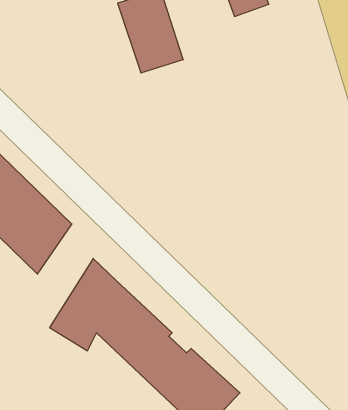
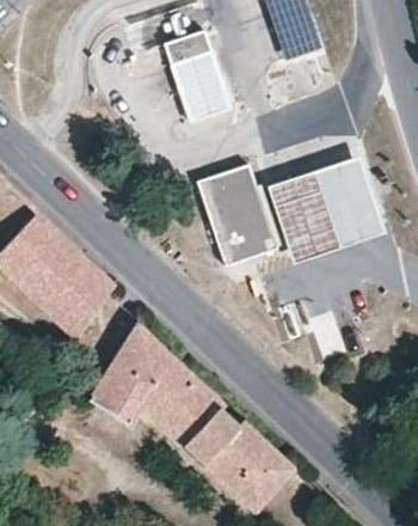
building: none -> [268,154,388,263]
building: none -> [198,167,277,267]

